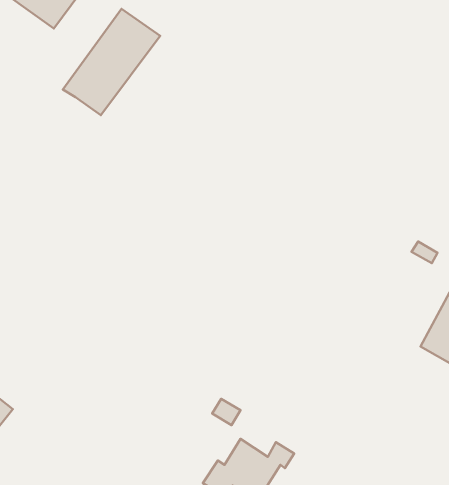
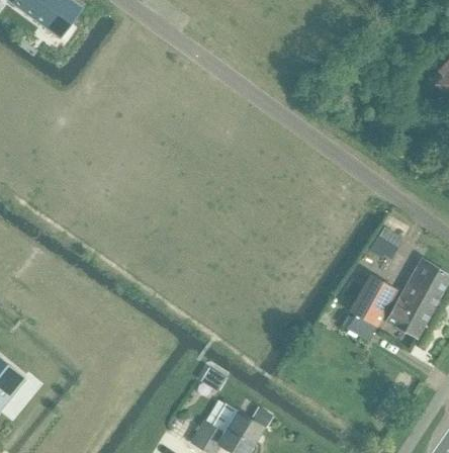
building: [63,9,160,115] -> none
building: none -> [340,275,395,343]

